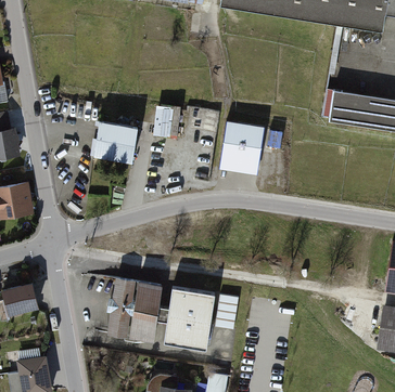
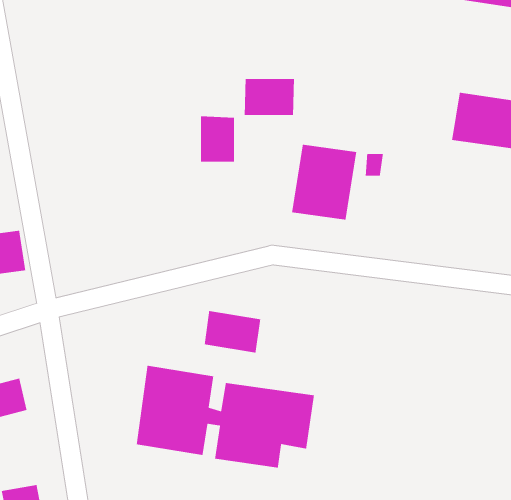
building: none -> [244,78,295,116]
building: [92,122,140,165] -> none
building: none -> [204,310,261,353]

